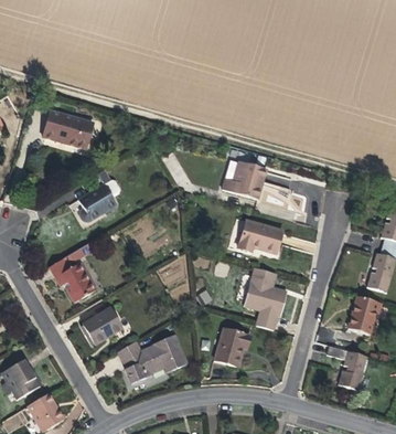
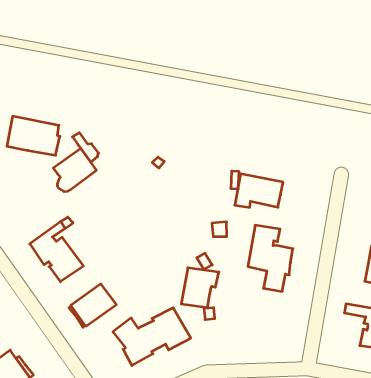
building: [42,109,90,148] -> [7,116,60,155]
building: [222,160,265,199] -> none
building: [214,328,250,366] -> [181,268,219,308]

